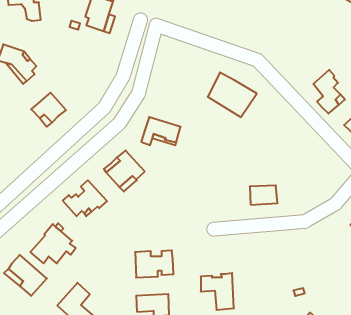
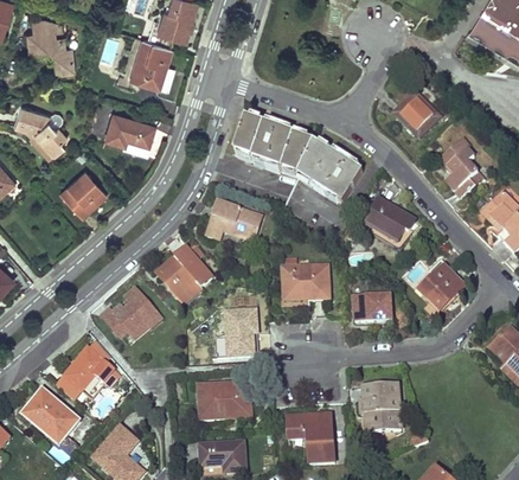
building: none -> [396,91,440,136]
building: none -> [103,110,153,142]
building: none -> [235,119,314,174]
building: none -> [366,199,415,241]
building: none -> [421,258,464,308]
building: none -> [282,264,329,299]
building: none -> [226,309,257,354]
building: none -> [364,382,401,430]

